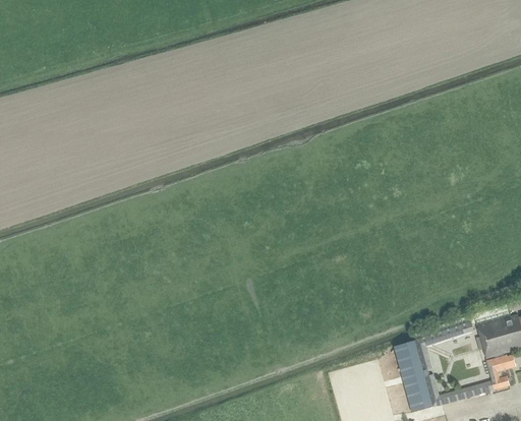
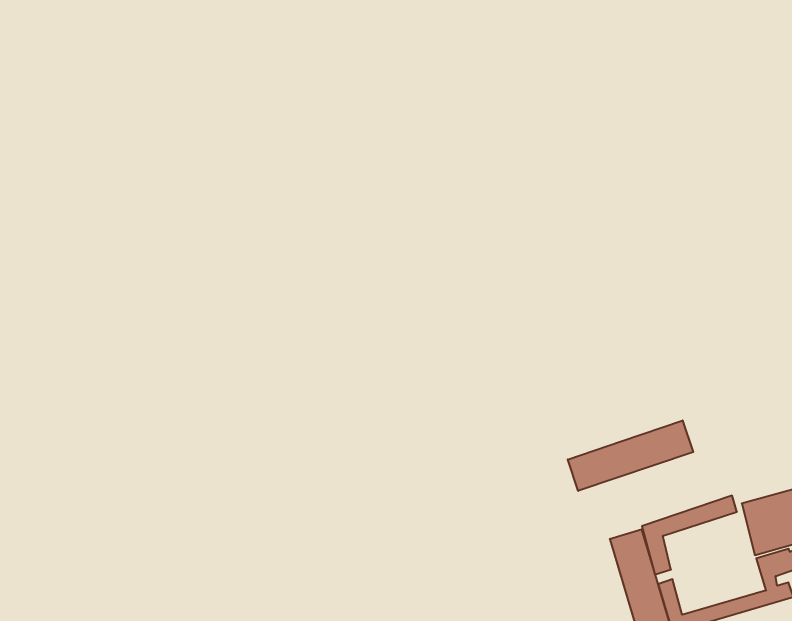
building: none -> [568,420,693,491]

